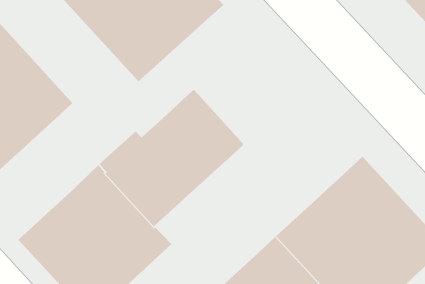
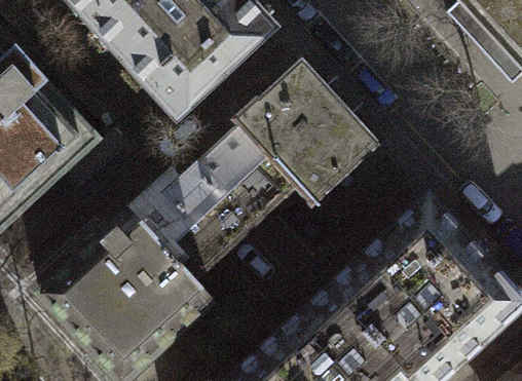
building: none -> [233,61,381,207]

